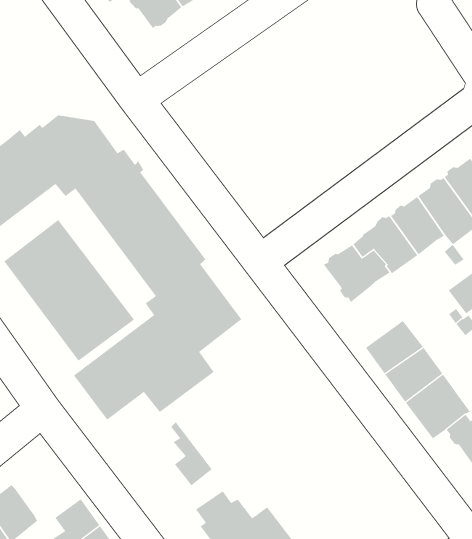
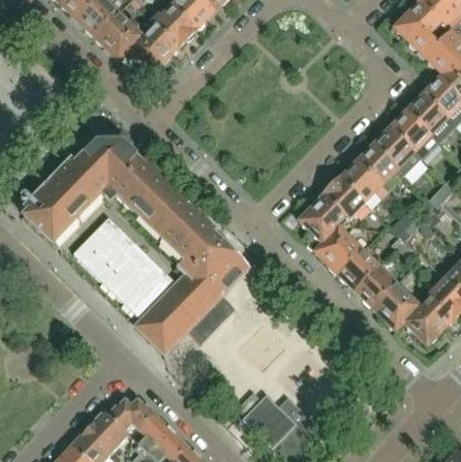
building: none -> [314,225,361,273]
building: [171,422,213,486] -> none
building: none -> [107,395,154,428]

